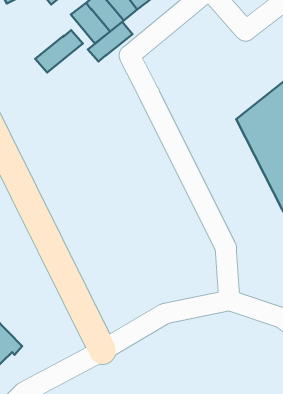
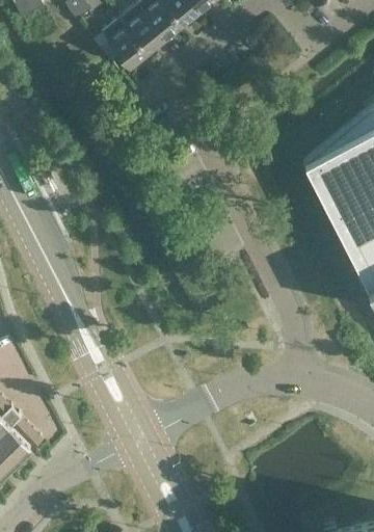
building: [88,22,133,62] -> none
building: [35,30,83,73] -> none

